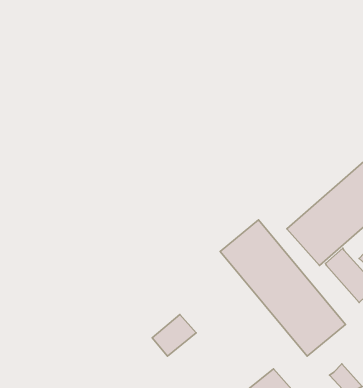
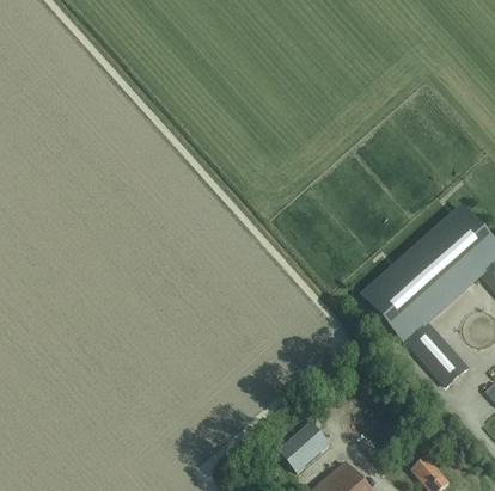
building: [220,220,346,356] -> none
building: [152,314,196,356] -> [277,423,329,472]

